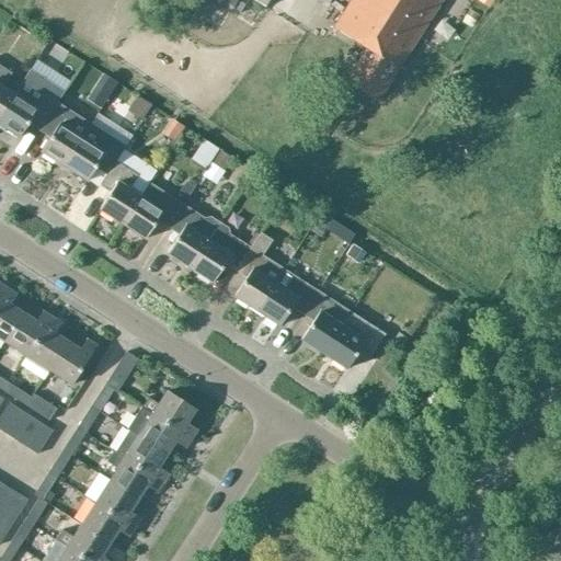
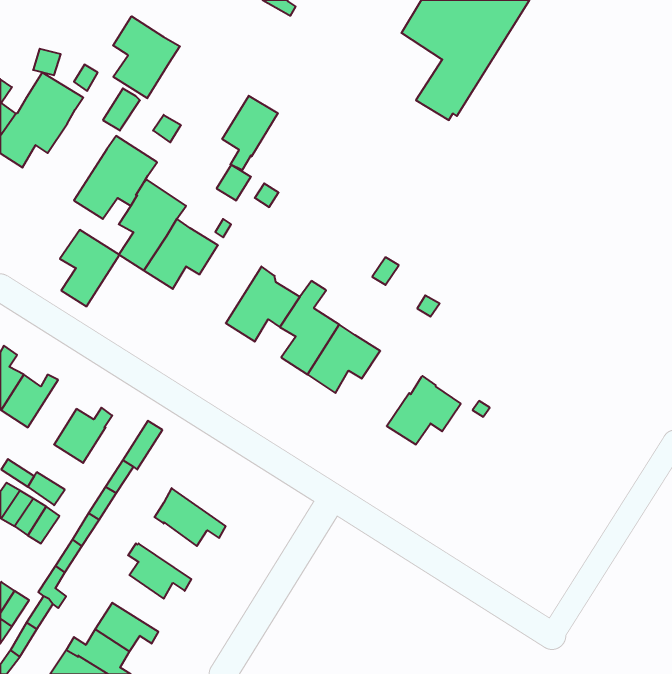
building: none -> [113,16,180,98]
building: none -> [222,96,278,170]
building: [42,103,91,167] -> [60,230,119,306]
building: [168,204,219,268] -> none
building: [301,291,352,354] -> none
building: [20,316,66,370] -> none
building: [145,389,196,437] -> none
building: [117,430,168,481] -> none
building: [95,478,139,525] -> none

